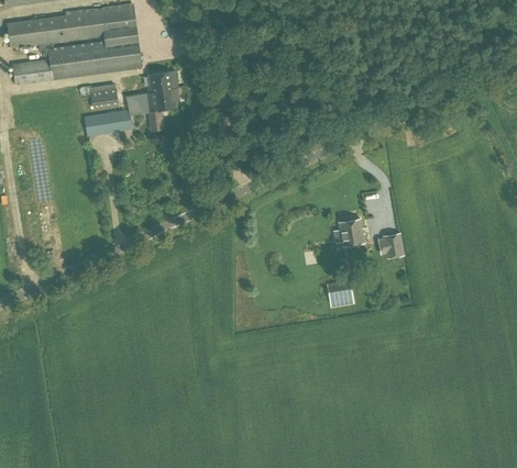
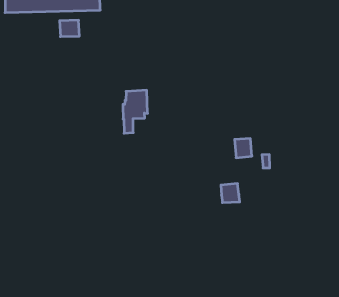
building: [144,69,178,130] -> [123,90,148,133]
building: [82,109,131,135] -> none

